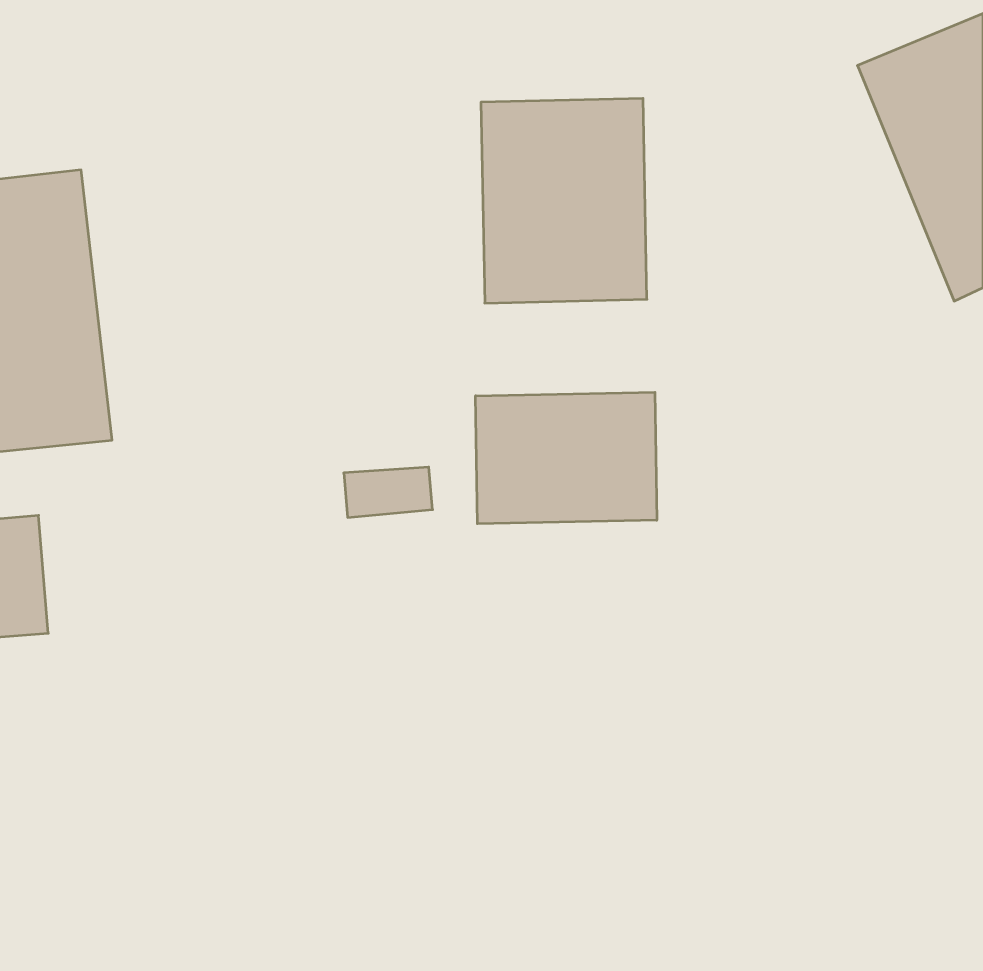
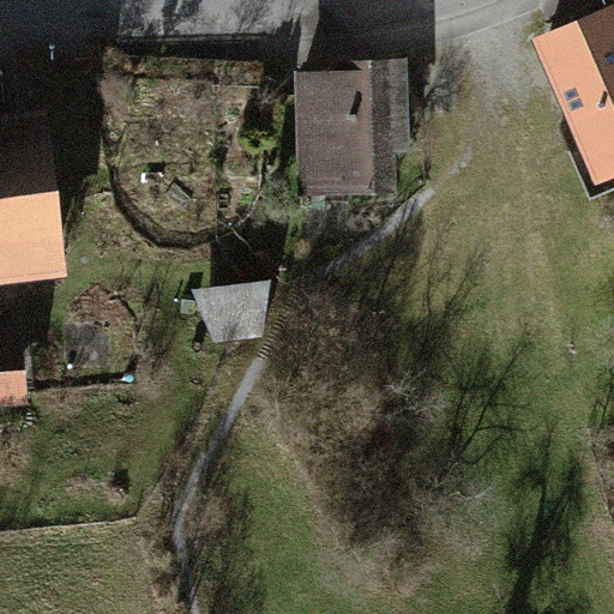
building: [476,392,657,524] -> none

